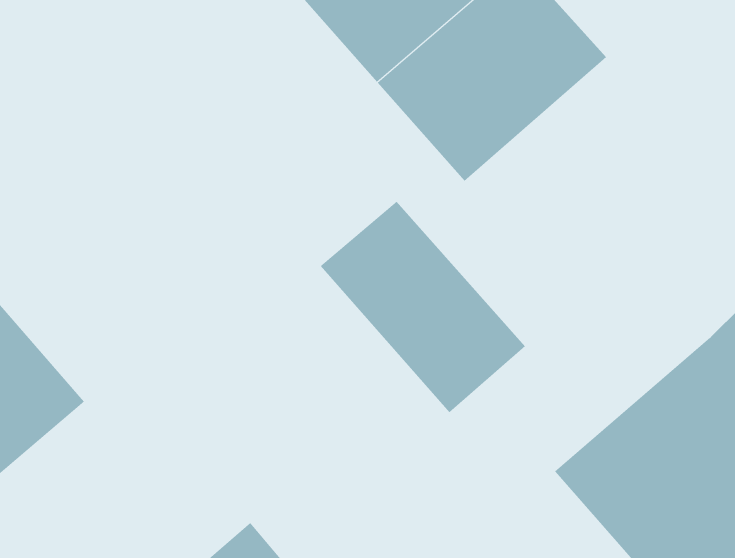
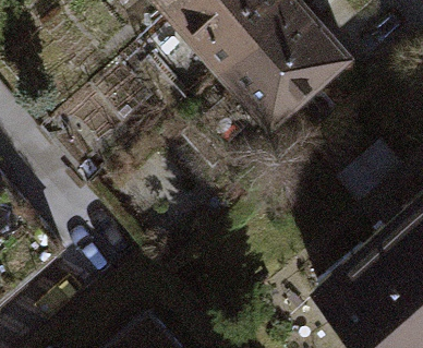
building: [320,201,526,413] -> none

